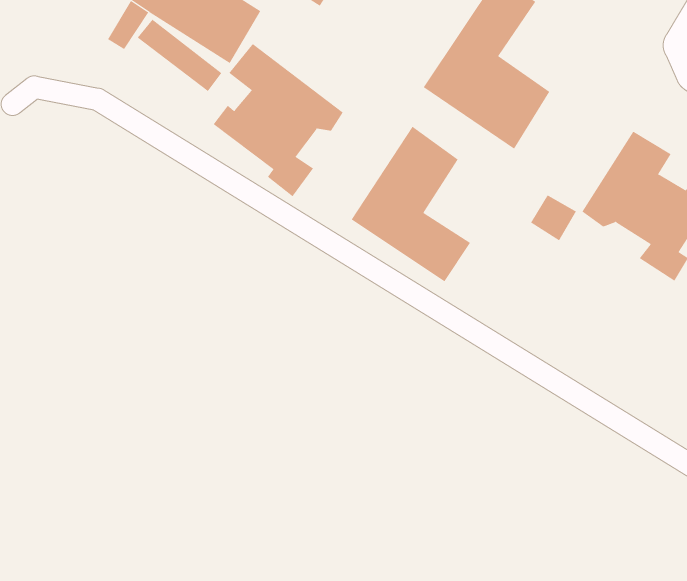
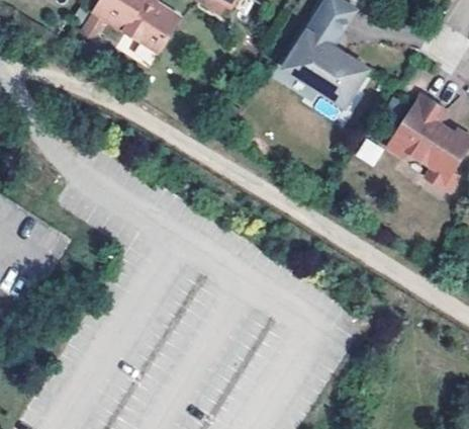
building: [213,43,344,197] -> none
building: [351,126,471,282] -> none

